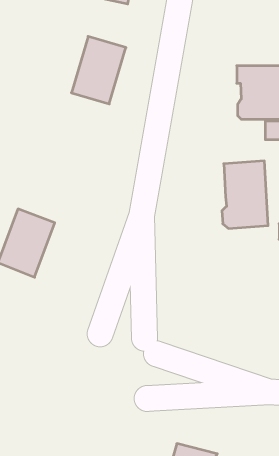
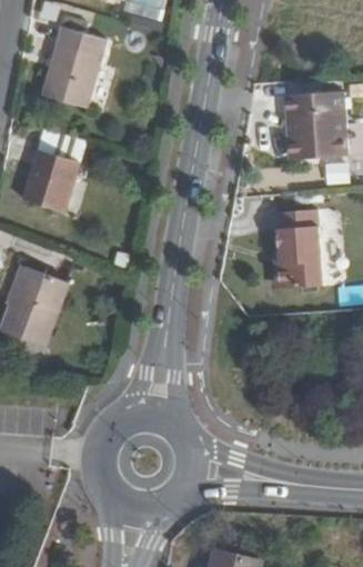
building: [71,36,126,104] -> [42,27,108,108]
building: none -> [27,149,83,210]

